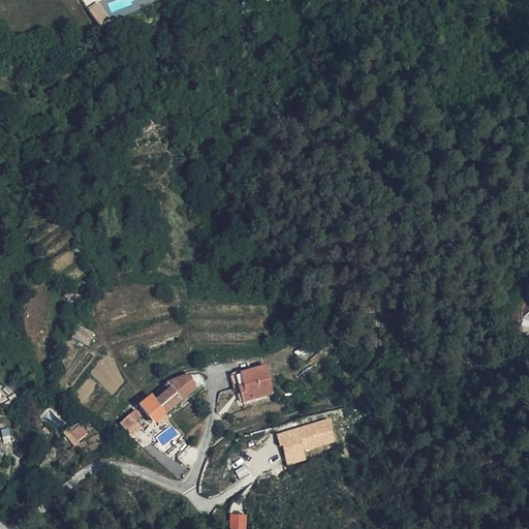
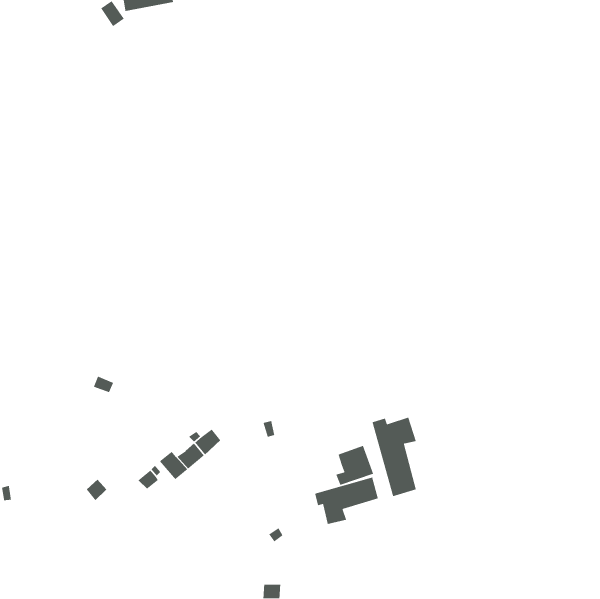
building: [240,364,274,400] -> [335,445,374,486]
building: none -> [371,416,417,497]

